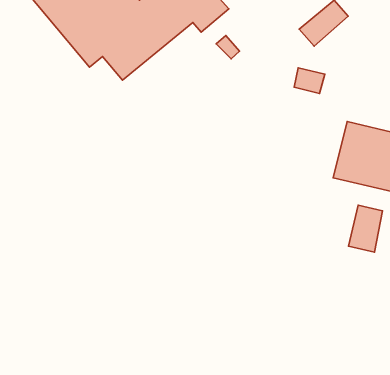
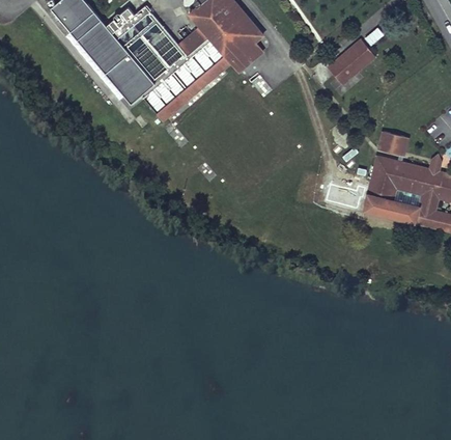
building: [294,68,325,93] -> [379,133,410,158]
building: [348,205,382,252] -> none

